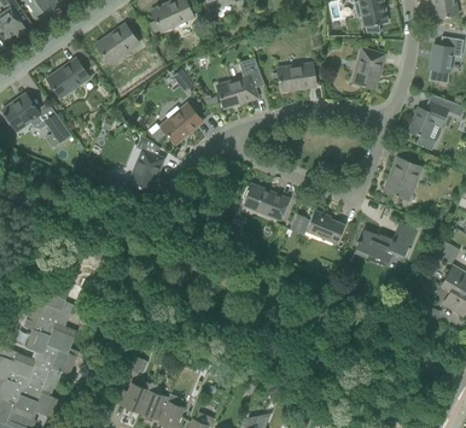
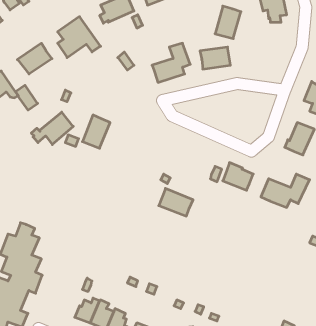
building: [351,47,384,88] -> [215,6,241,39]
building: [148,102,202,143] -> [31,112,73,145]
building: [244,183,287,218] -> [159,188,193,216]

